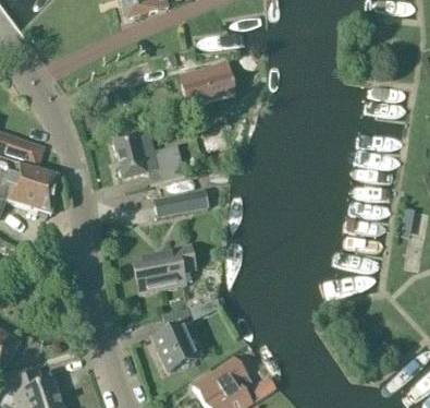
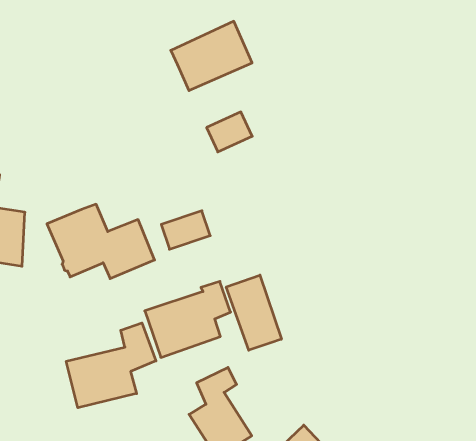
building: [112,129,185,183] -> [47,204,155,279]
building: none -> [226,275,281,350]
building: none -> [66,323,156,408]

